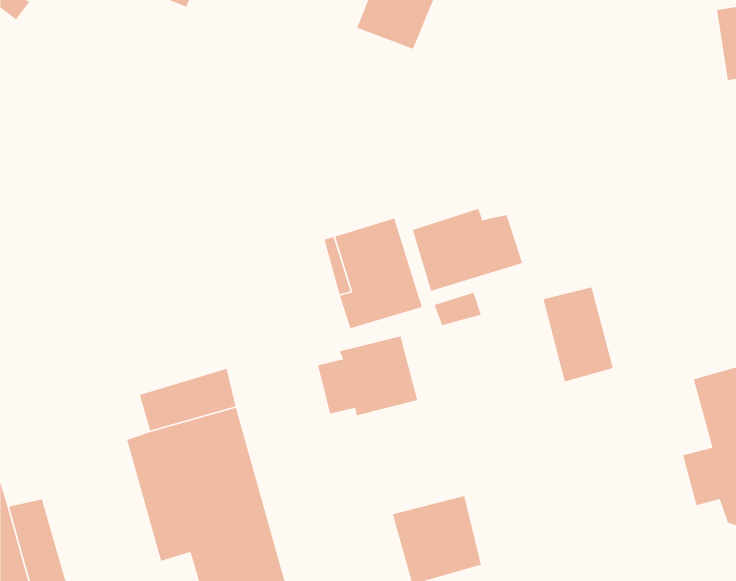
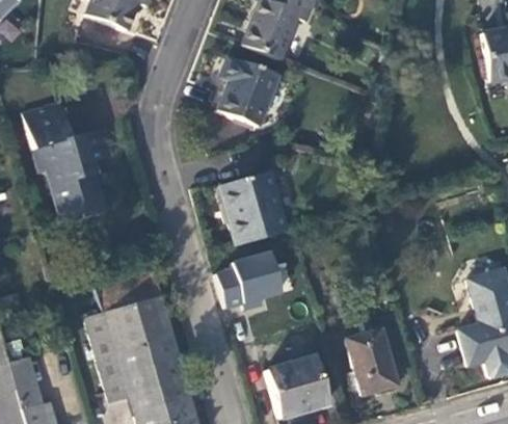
building: none -> [216,59,275,126]
building: none -> [24,104,113,224]
building: [412,208,523,292] -> none
building: [542,286,614,383] -> [347,330,395,395]

